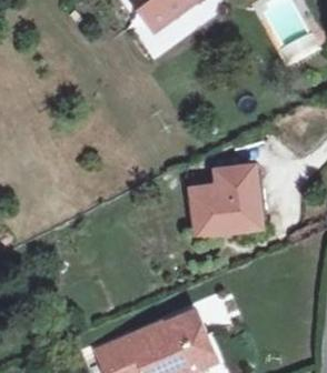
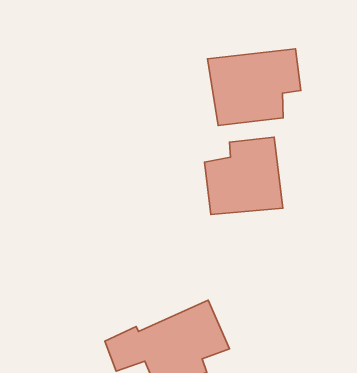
building: none -> [207,49,301,126]

